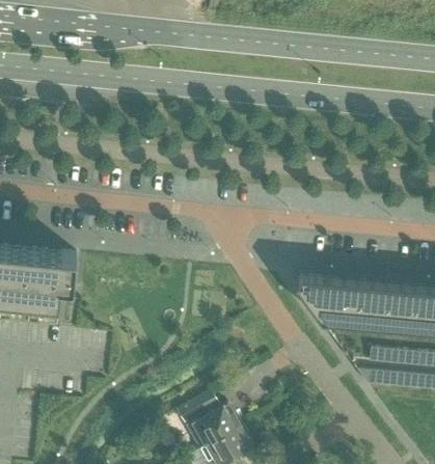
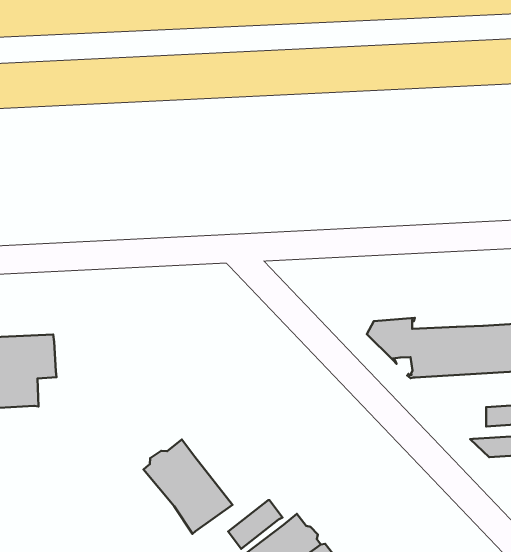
building: none -> [143,440,233,534]

